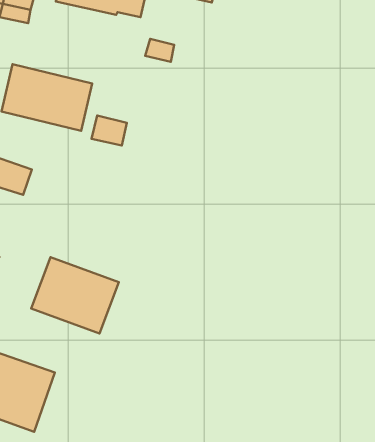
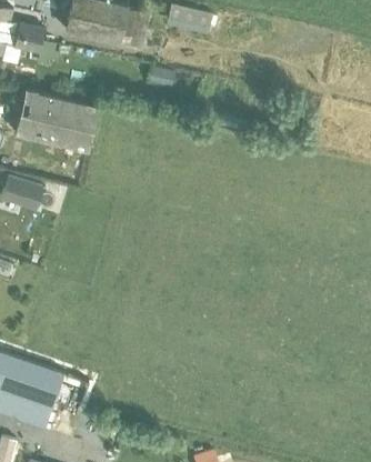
building: [92,115,127,145] -> none
building: [31,257,119,333] -> none

